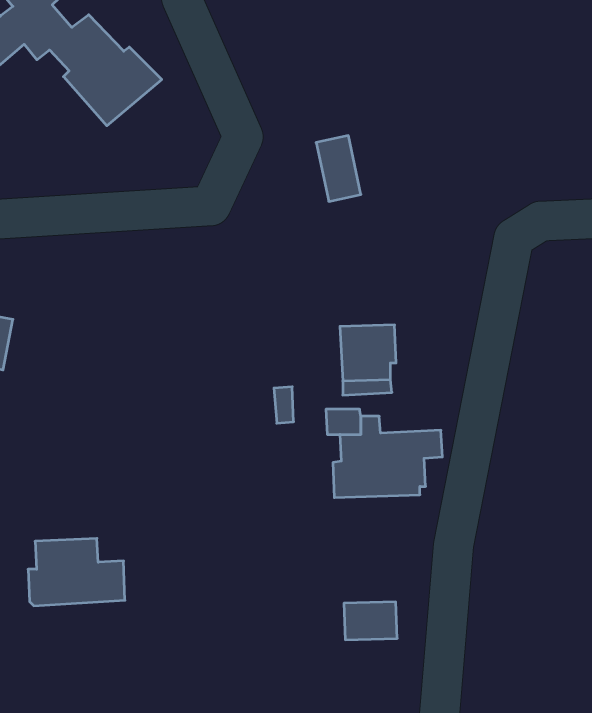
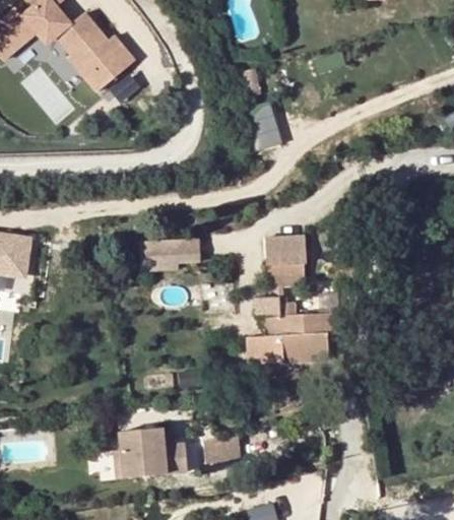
building: none -> [138,237,202,271]
building: [28,538,125,606] -> [112,429,182,477]
building: [344,602,397,640] -> [203,436,242,463]

